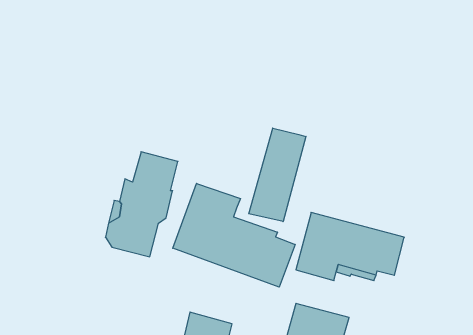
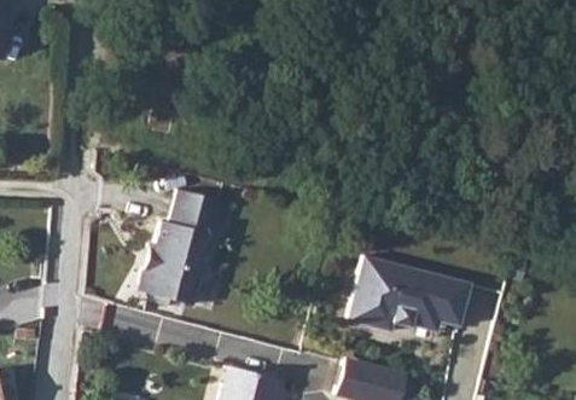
building: [249,128,306,222] -> none
building: [173,183,295,287] -> none

